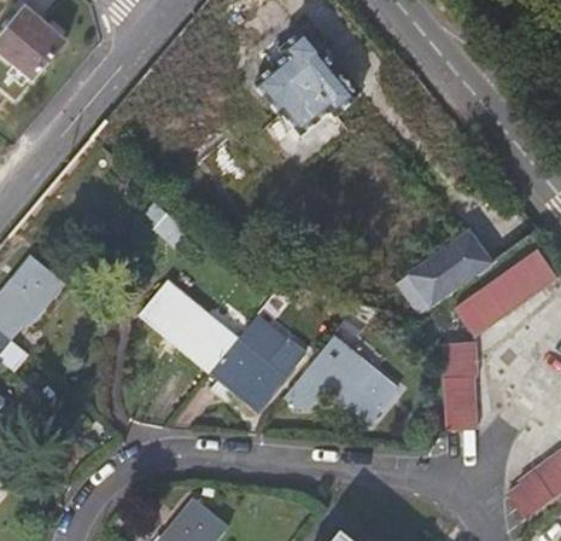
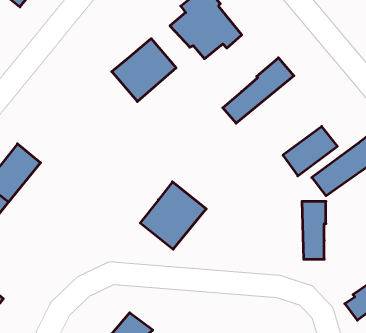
building: none -> [112,39,176,102]
building: none -> [223,58,294,123]
building: [139,284,234,374] -> none
building: [281,337,396,423] -> none

